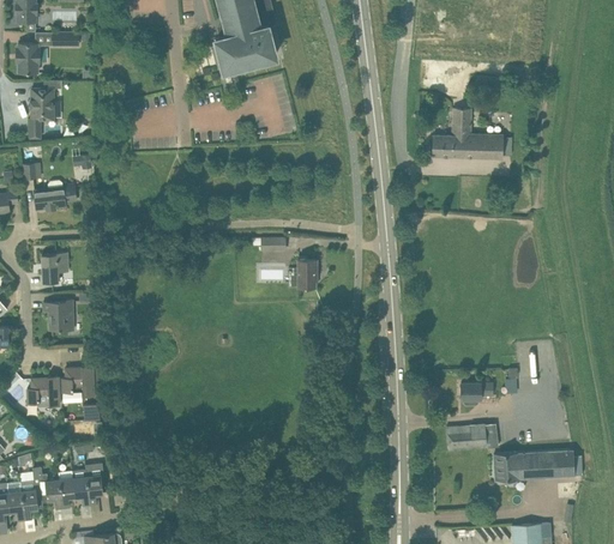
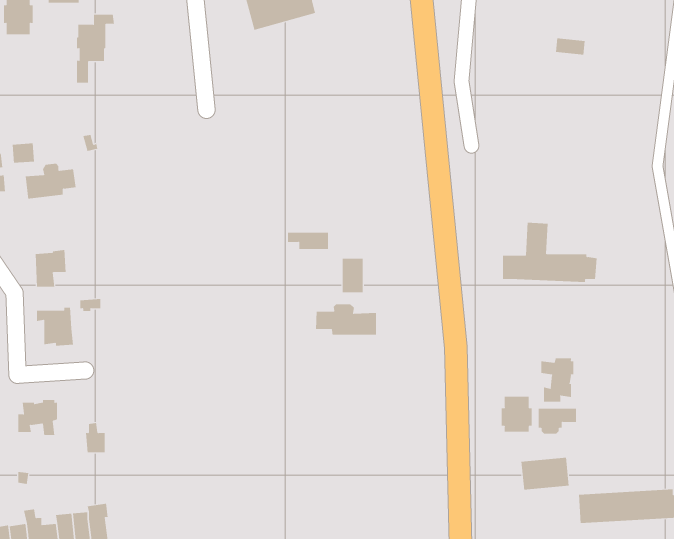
building: [29,80,61,138] -> [76,14,115,83]
building: [432,108,511,158] -> [502,222,597,283]
building: none -> [316,303,376,335]
building: none -> [541,357,574,403]
building: [60,365,92,397] -> none
building: none -> [501,396,532,432]

